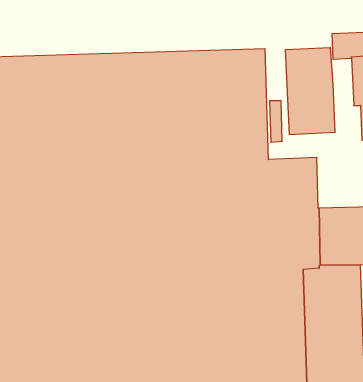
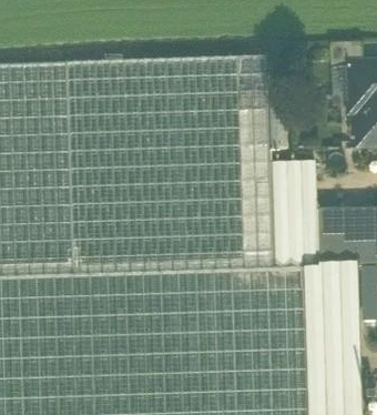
building: [286,47,335,135] -> none

